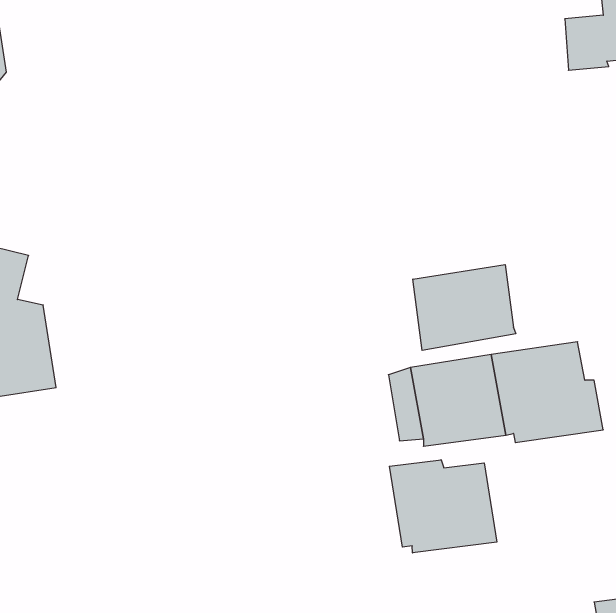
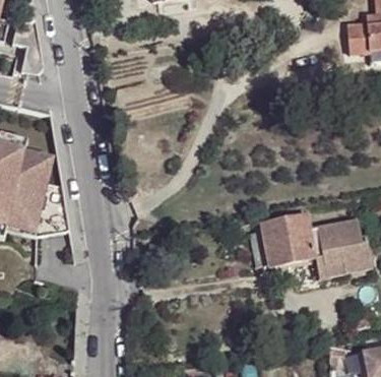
building: [413,265,516,350] -> none
building: [389,460,497,553] -> none

